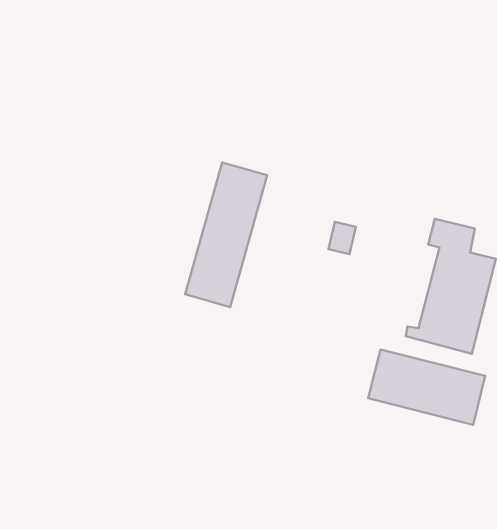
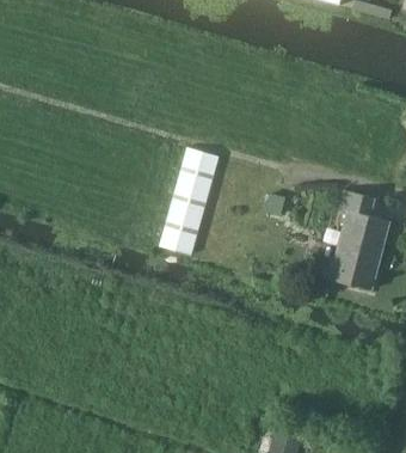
building: [368,349,485,425] -> none

